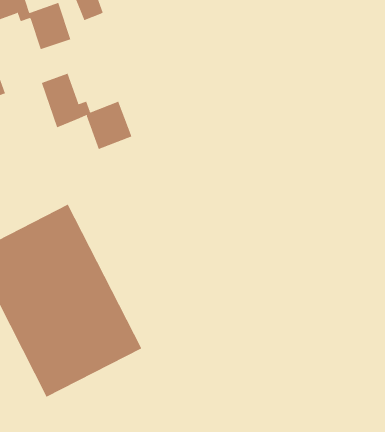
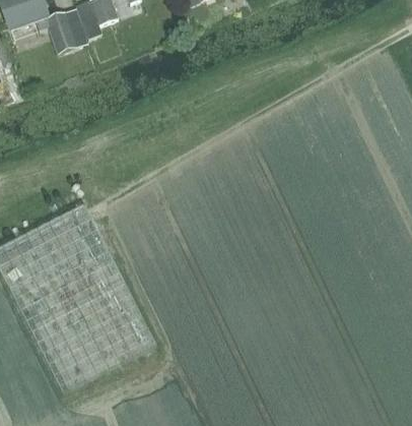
building: [41,73,132,150] -> none

